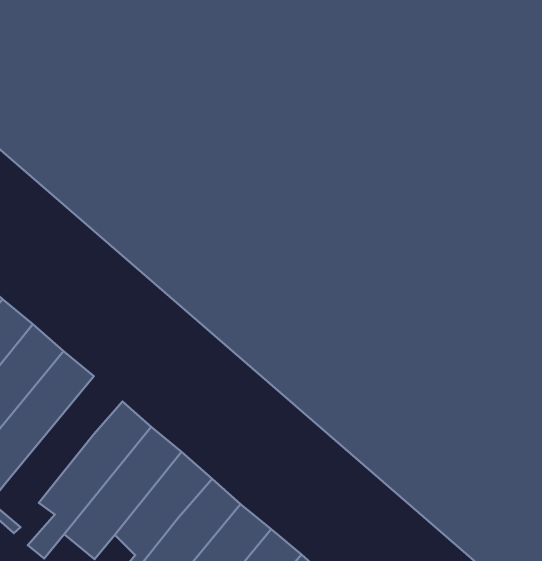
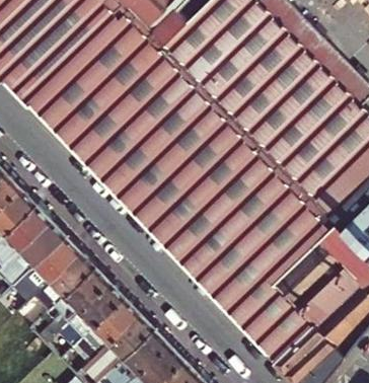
building: none -> [26,244,91,310]

